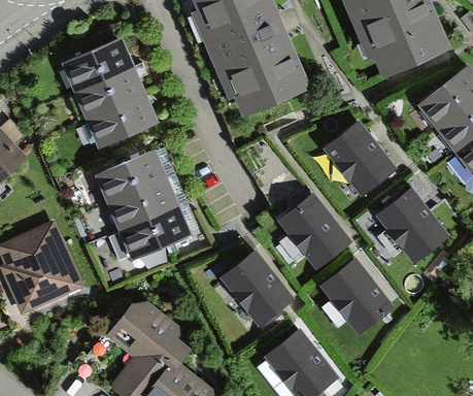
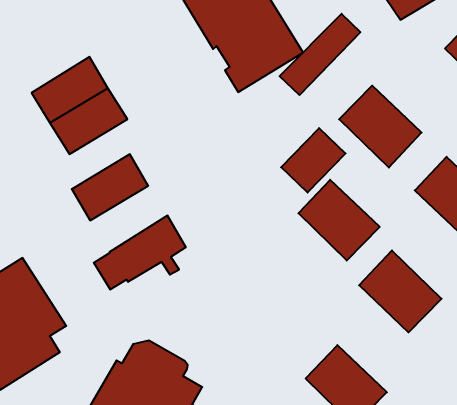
building: [68,40,131,90] -> none
building: none -> [280,14,360,95]
building: none -> [281,128,346,193]
building: [112,179,176,229] -> none
building: [225,253,291,322] -> none

